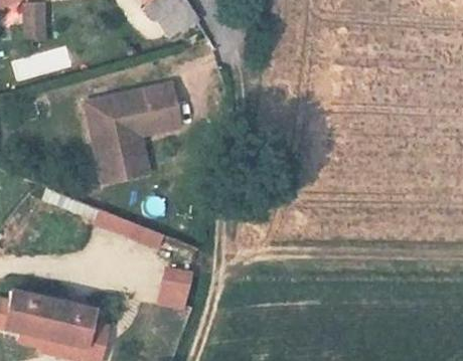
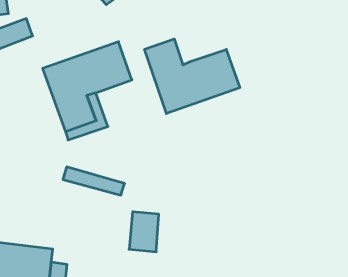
building: none -> [145,39,240,114]

